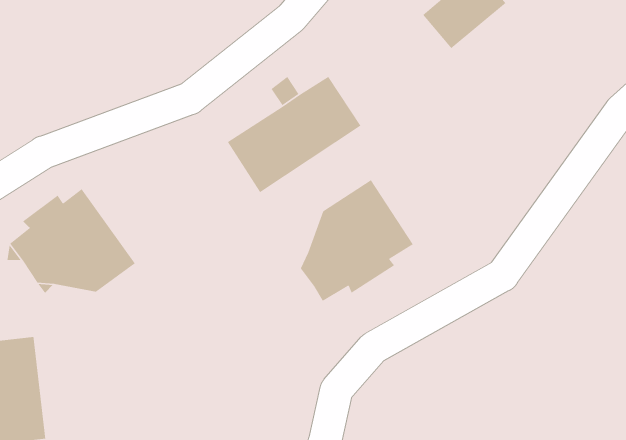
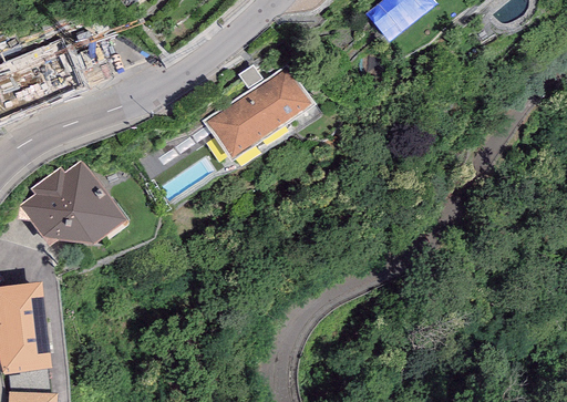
building: [300,179,414,302] -> none

